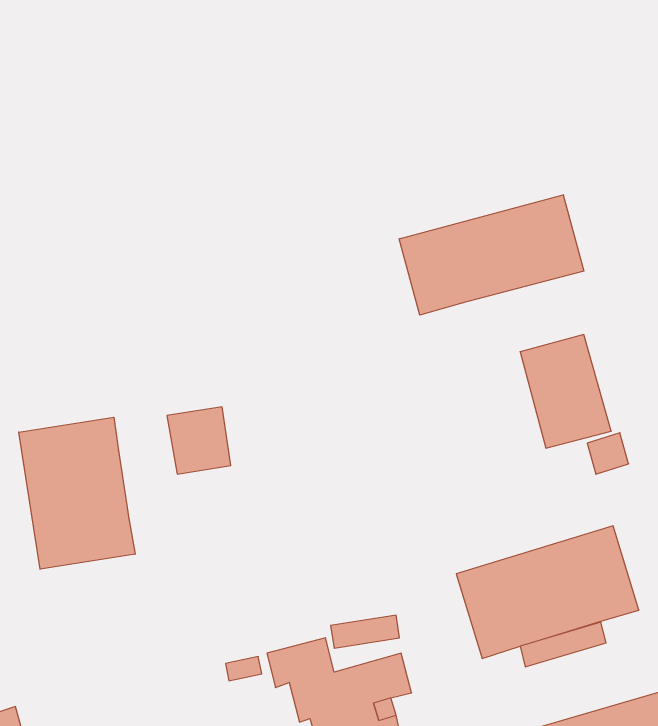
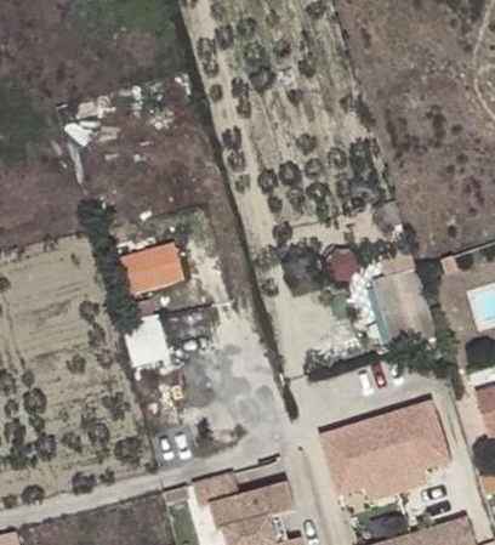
building: [399,195,584,315] -> none
building: none -> [114,238,182,295]
building: [19,417,135,569] -> none

